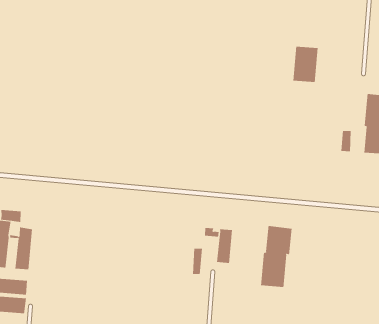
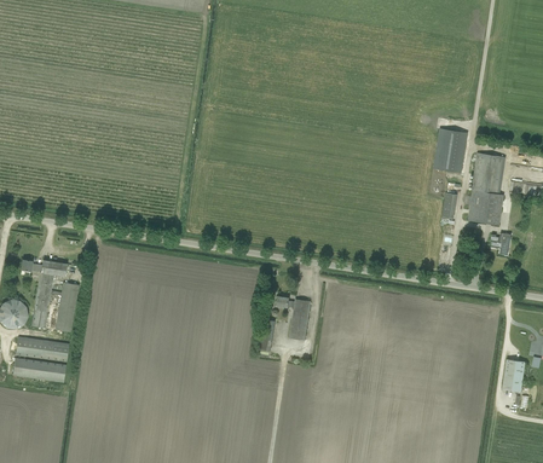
building: [292,46,318,82] -> [434,129,467,173]
building: [261,225,292,288] -> none

